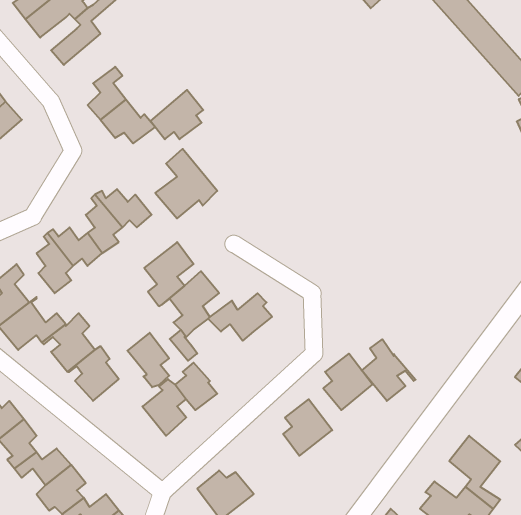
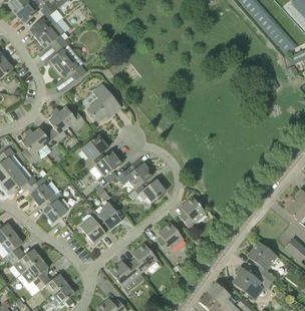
building: [150,90,203,139] -> [36,21,65,48]
building: none -> [128,180,165,203]
building: [127,333,169,387] -> none
building: [362,339,416,401] -> none
building: none -> [130,243,158,274]

